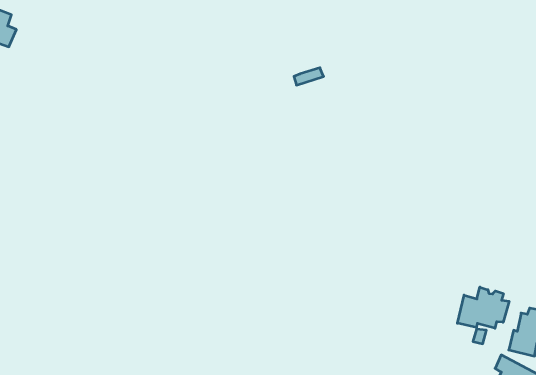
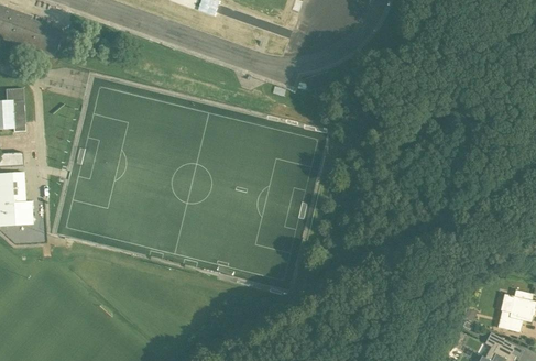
building: [457,287,509,328] -> none

